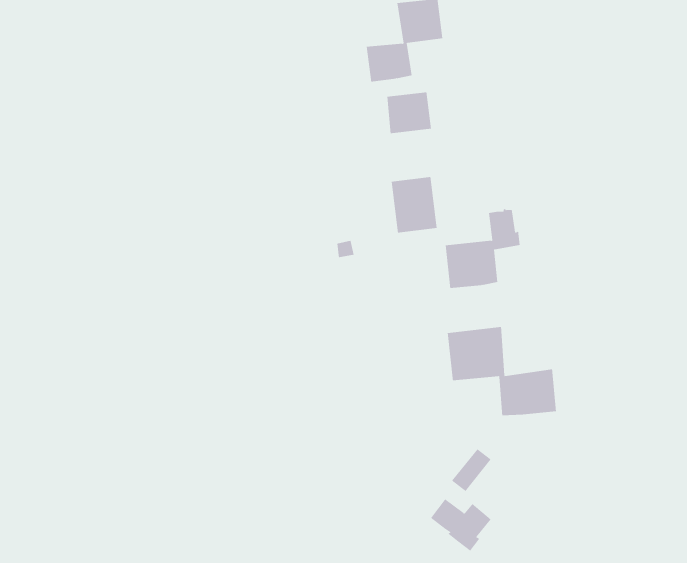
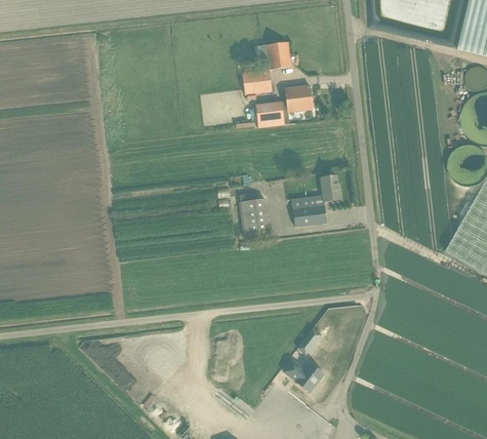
building: none -> [285,85,313,112]
building: [391,177,438,233] -> [240,198,270,234]
building: [447,326,557,416] -> none

